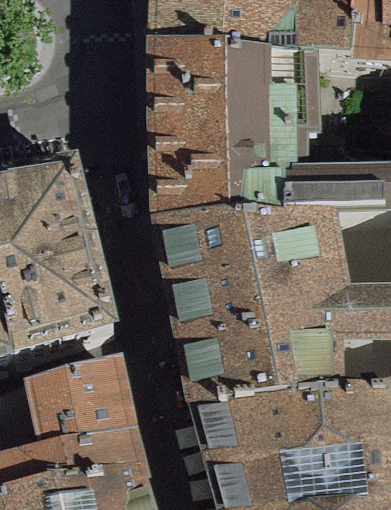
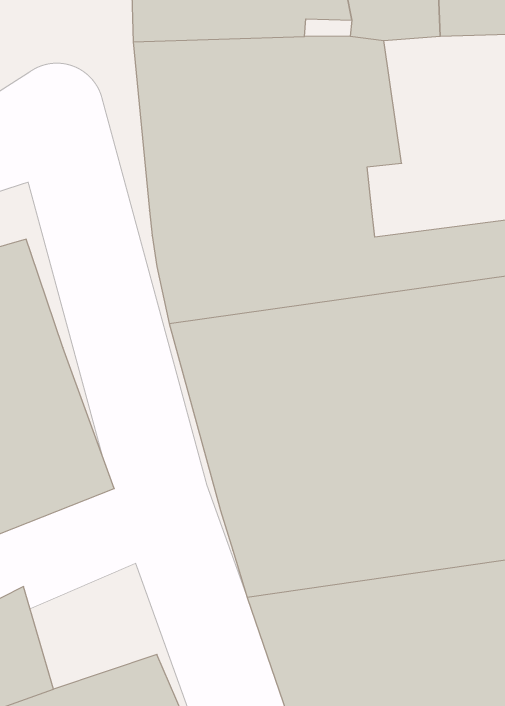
building: [46,362,126,448] -> none

